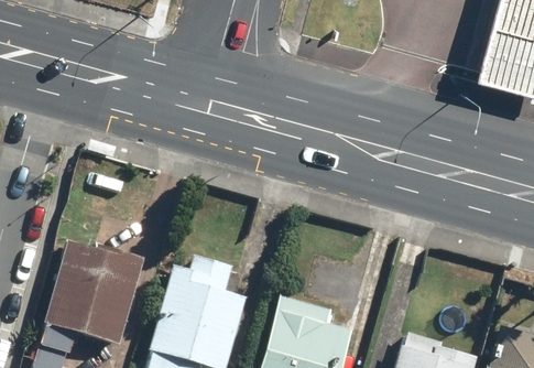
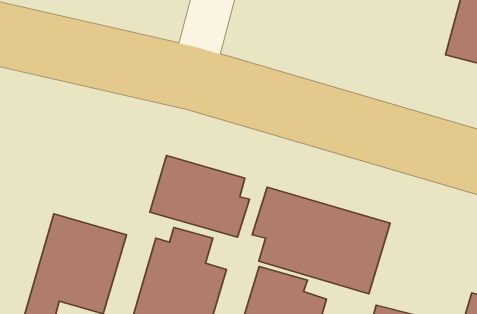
building: none -> [150,155,249,237]
building: none -> [252,187,390,294]

